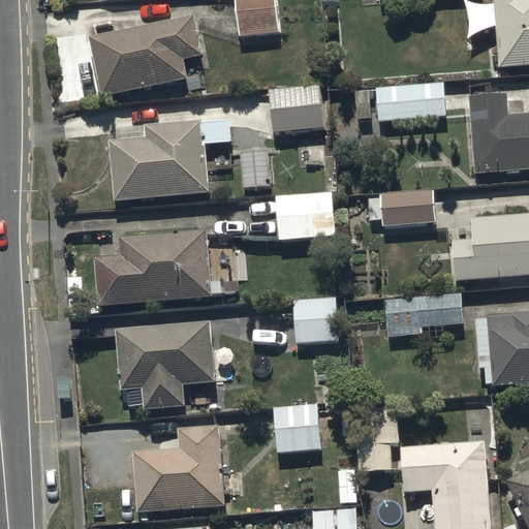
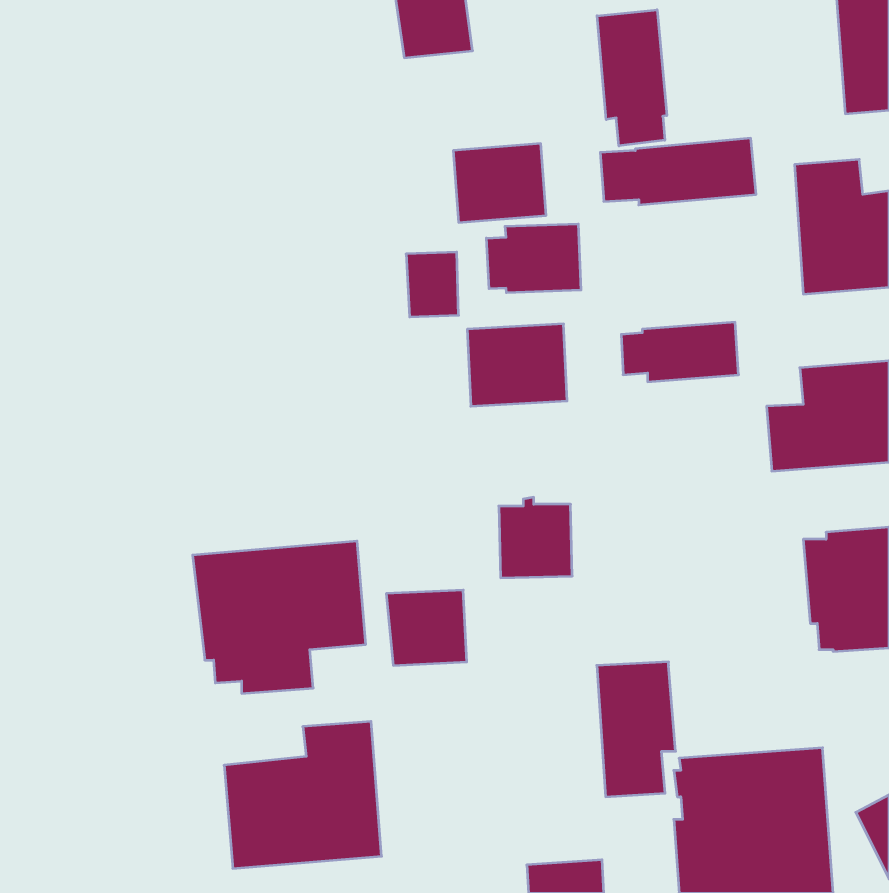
building: none -> [597,10,667,146]
building: [89,13,203,96] -> none
building: [111,118,231,199] -> none
building: none -> [486,224,581,293]
building: [98,228,223,303] -> none
building: [384,293,462,336] -> none
building: [272,406,319,450] -> [386,590,467,665]

